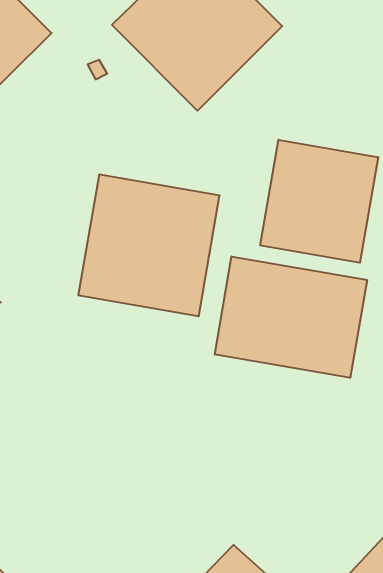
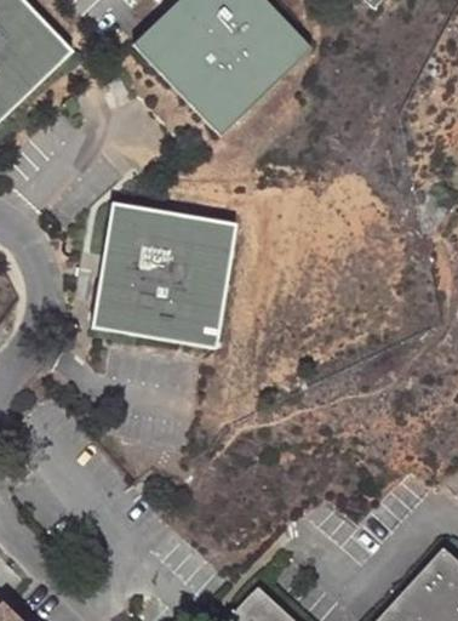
building: [260,140,378,263] -> none
building: [215,256,367,378] -> none

